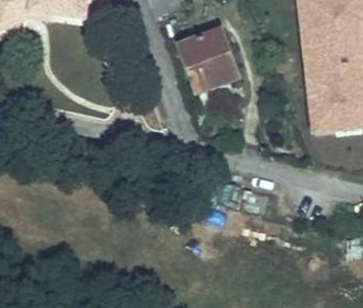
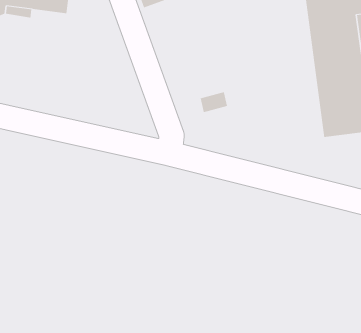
building: [179,25,237,87] -> none

